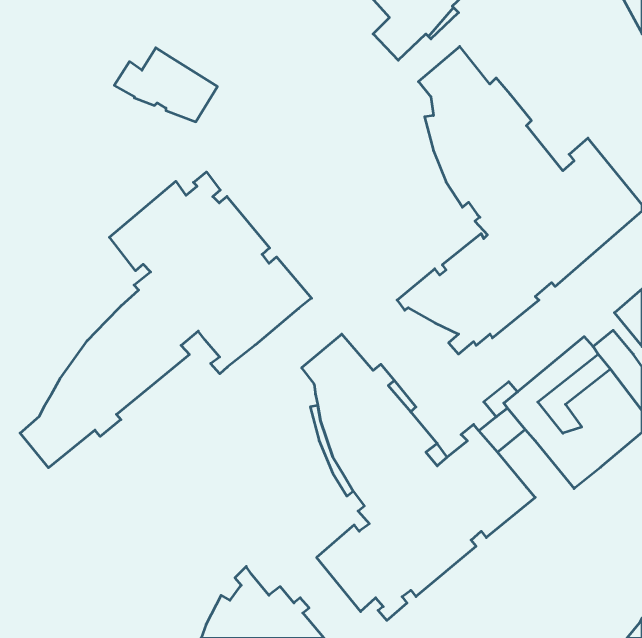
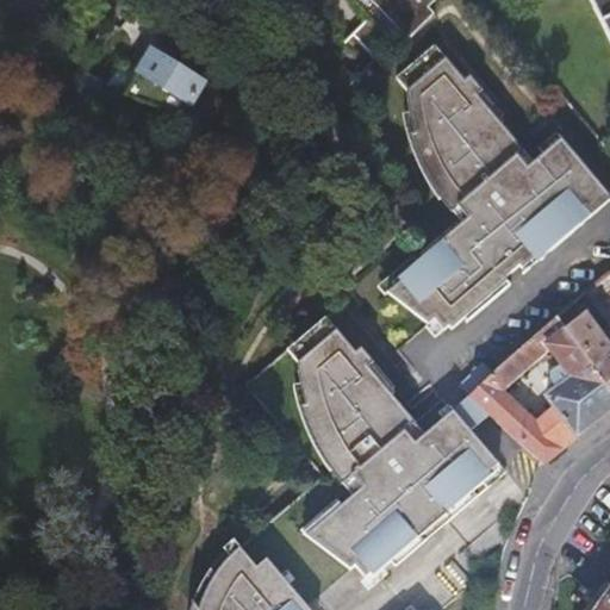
building: [20,172,312,468] -> none

